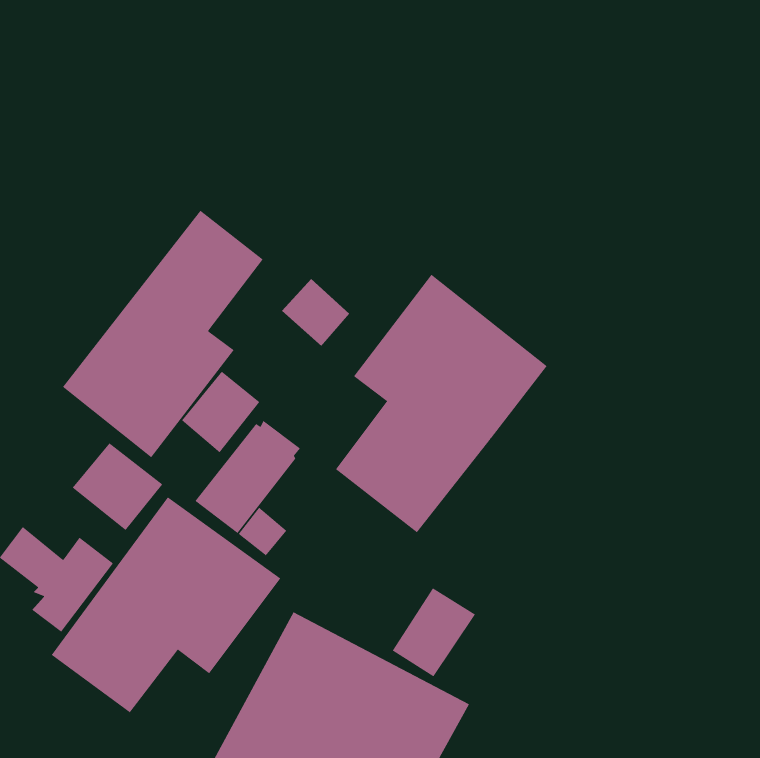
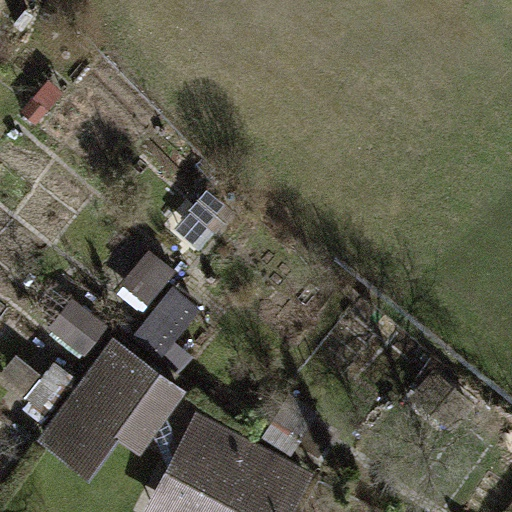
building: [62,210,263,458] -> none
building: [335,274,548,533] -> none

